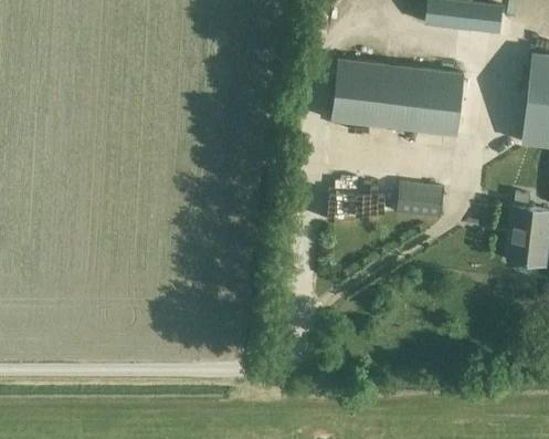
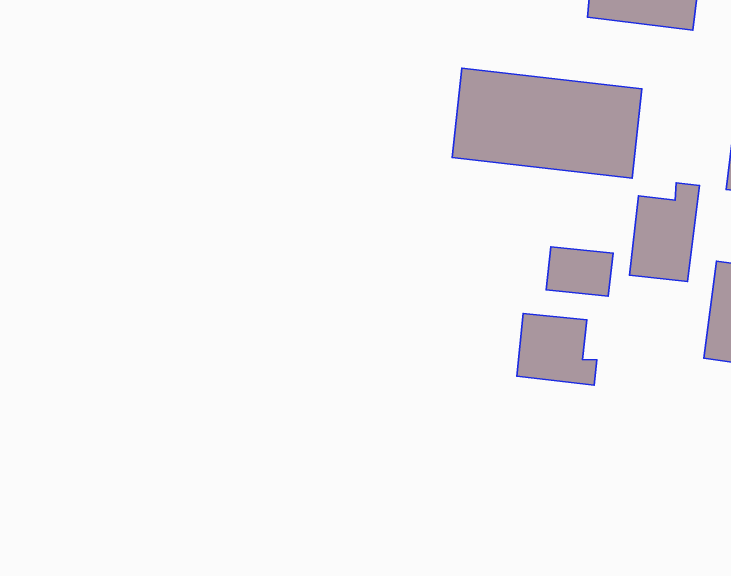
building: none -> [629,183,700,282]
building: none -> [517,313,597,385]

